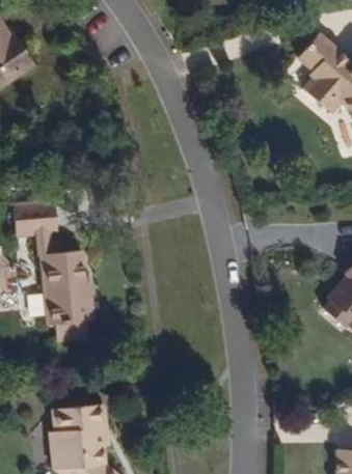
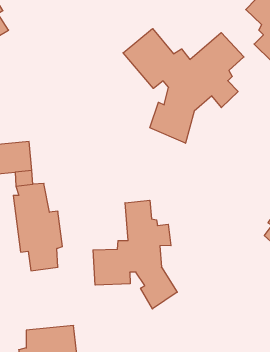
building: none -> [123,29,244,143]
building: none -> [93,200,177,309]

